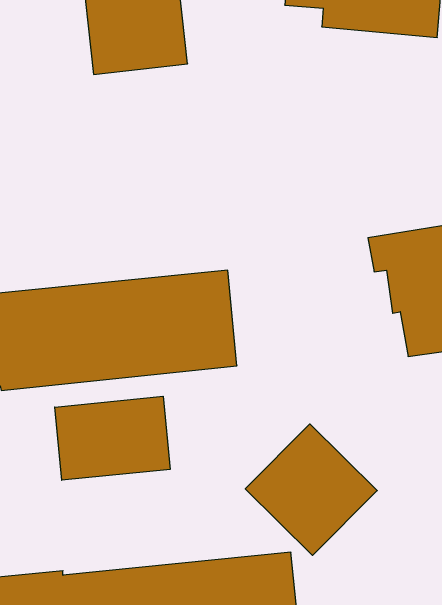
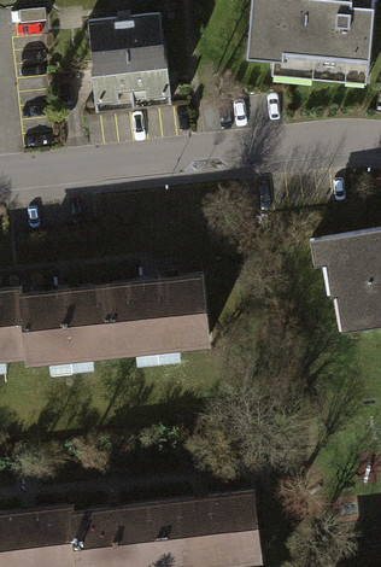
building: [55,396,170,480] -> none
building: [245,424,377,555] -> none

